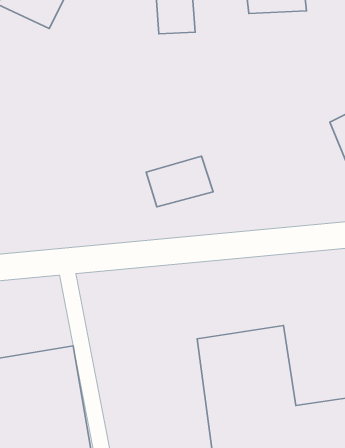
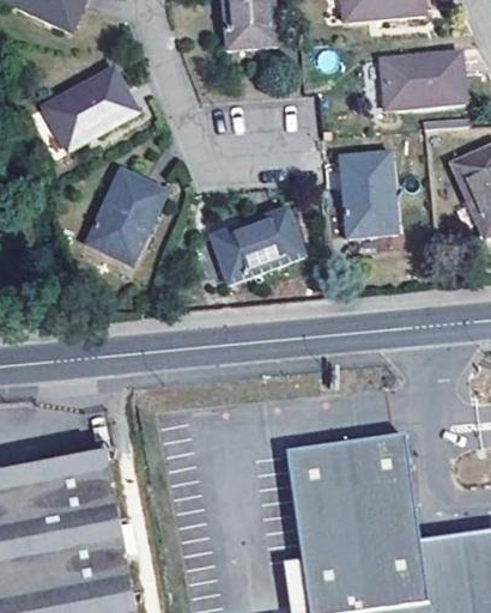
building: none -> [384,56,466,109]
building: none -> [44,72,137,151]
building: none -> [345,154,399,237]
building: none -> [92,169,164,257]

